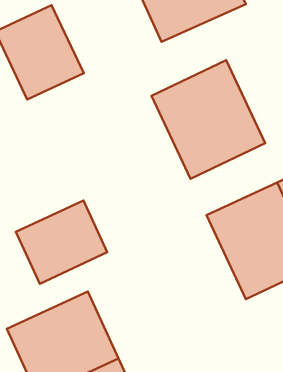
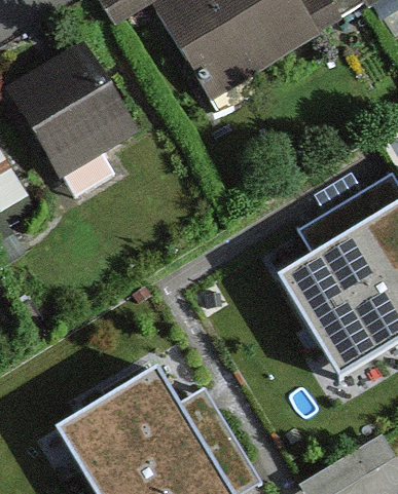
building: [151,60,265,179] -> none
building: [16,200,107,284] -> none

